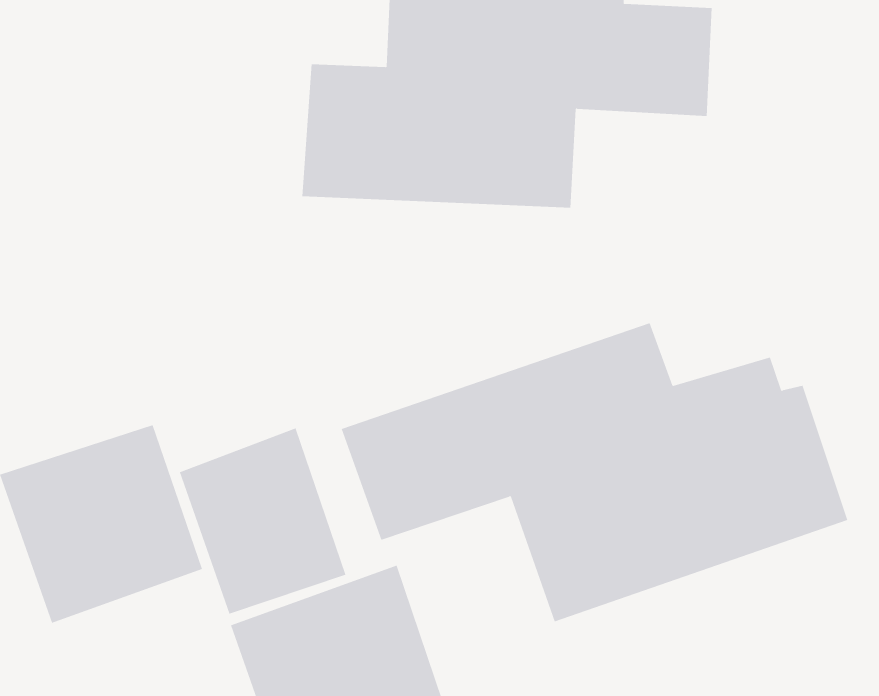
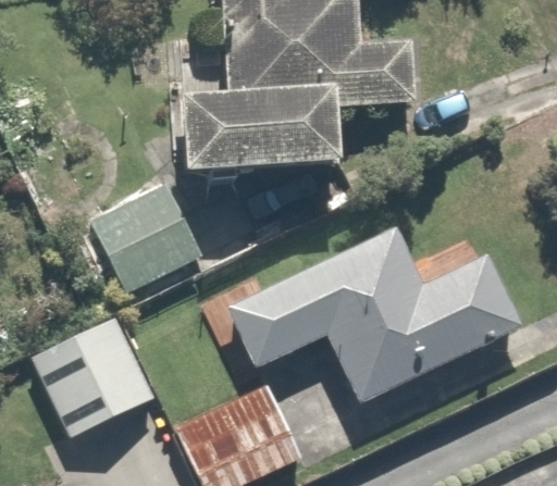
building: none -> [90,184,202,294]
building: [179,428,346,614] -> none

